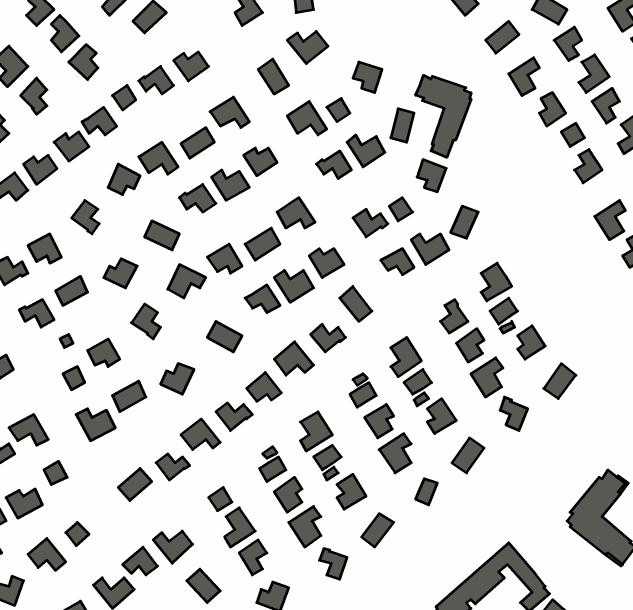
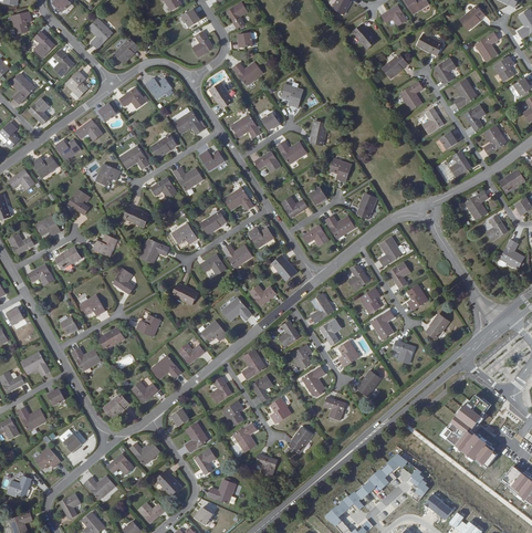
building: [416,75,471,157] -> none

